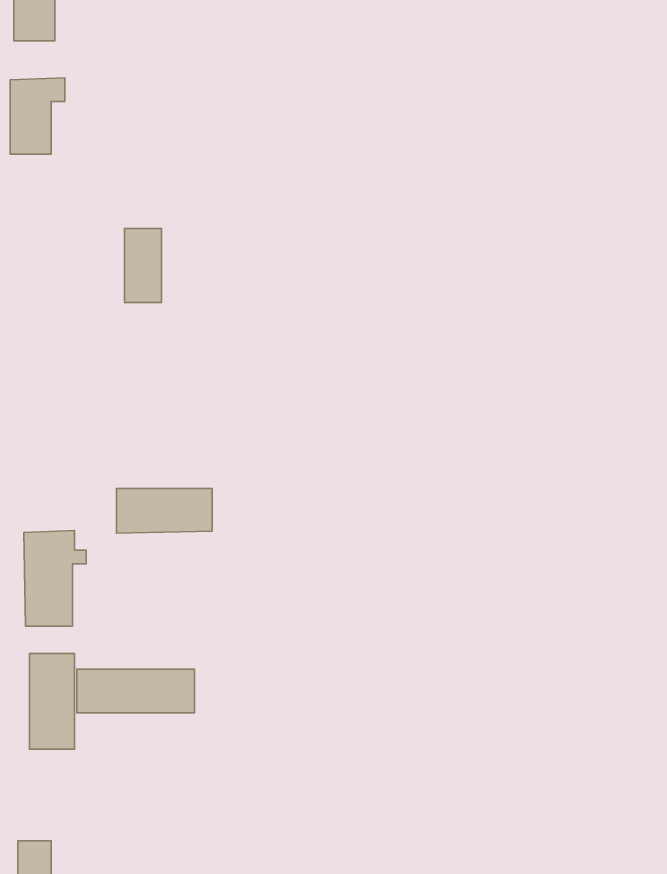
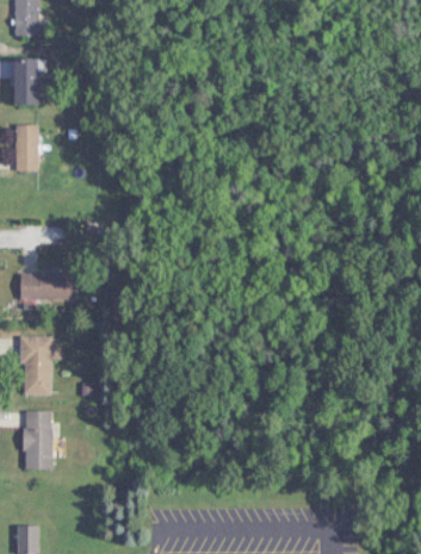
building: [124,228,162,303] -> [14,125,37,170]
building: [116,488,212,533] -> [19,272,78,299]
building: [77,669,194,713] -> none

